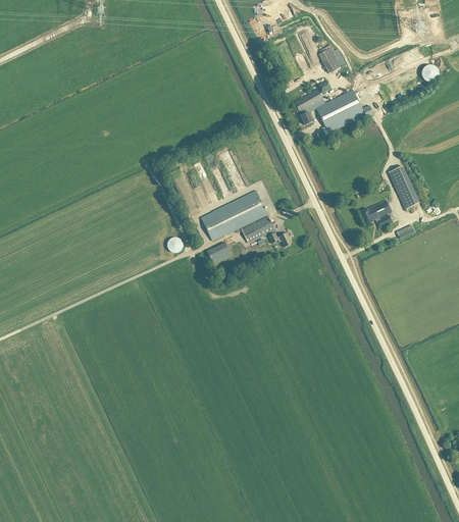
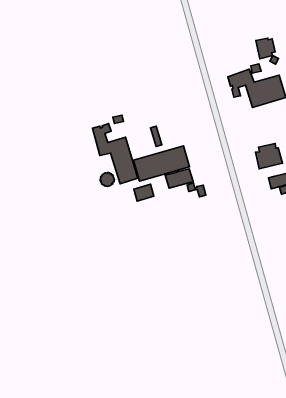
building: none -> [255,143,282,169]
building: none -> [92,123,138,184]

